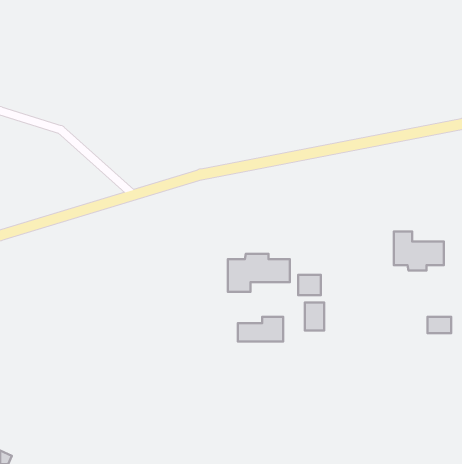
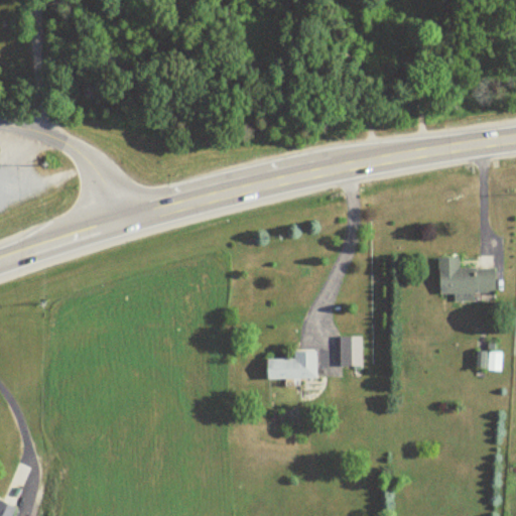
building: [228,254,290,292] -> none
building: [298,275,321,295] -> none

